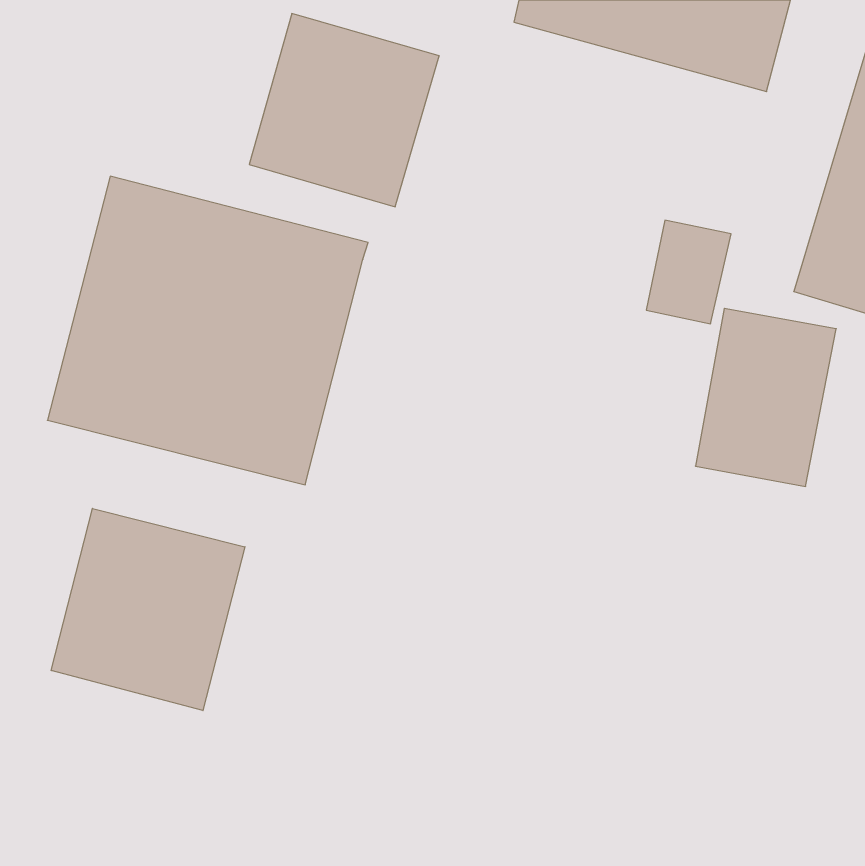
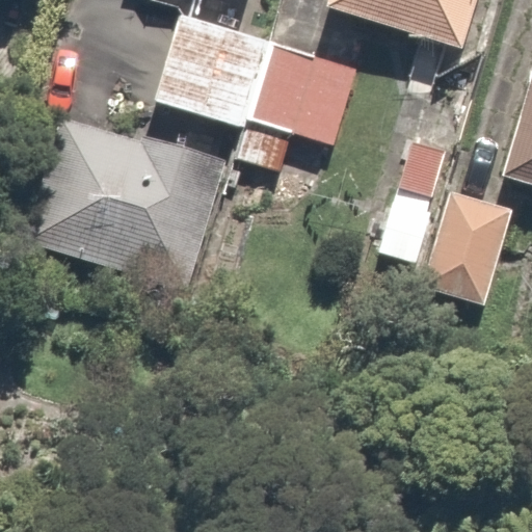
building: none -> [233,34,368,176]
building: [51,508,245,711] -> none

